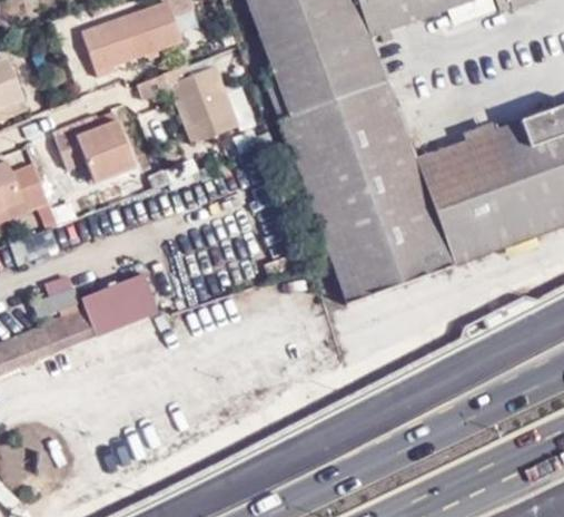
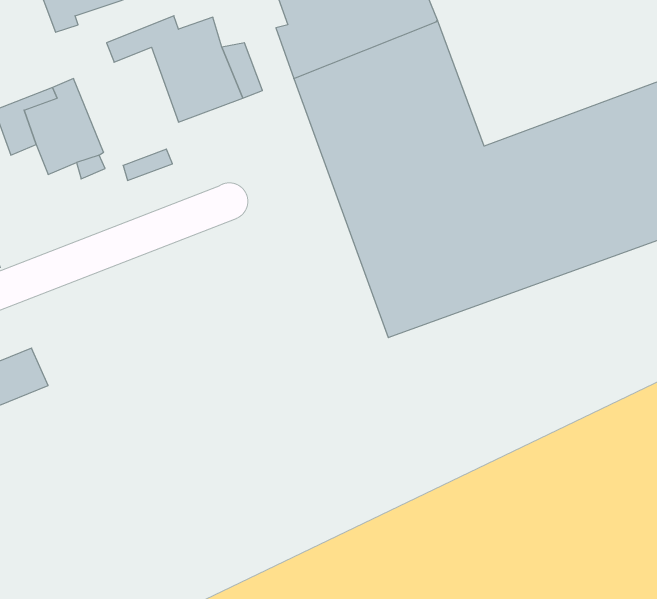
building: [80,274,158,338] -> none

